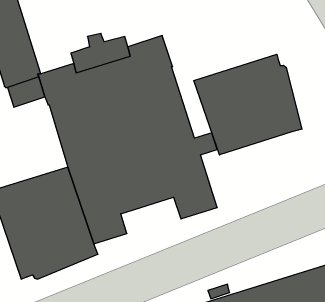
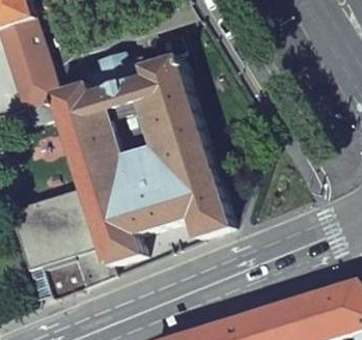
building: [194,54,302,155] -> none

